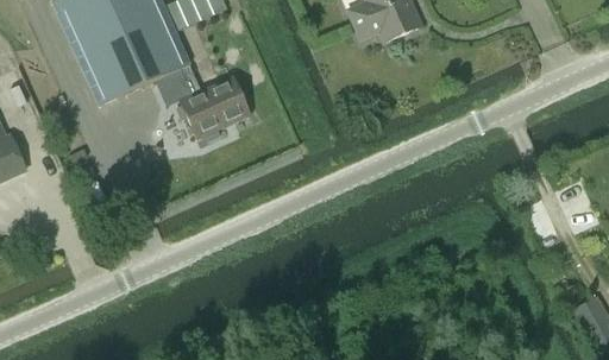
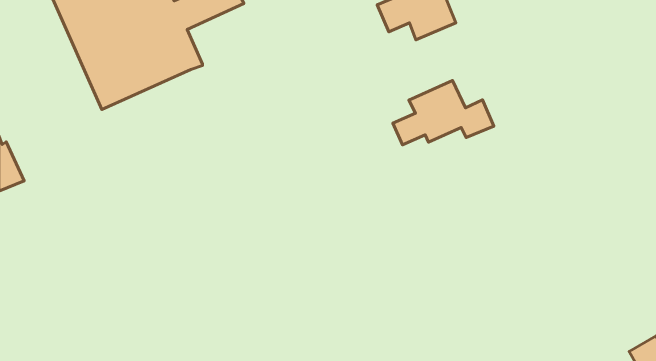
building: [177,64,247,137] -> none
building: none -> [393,80,494,145]

